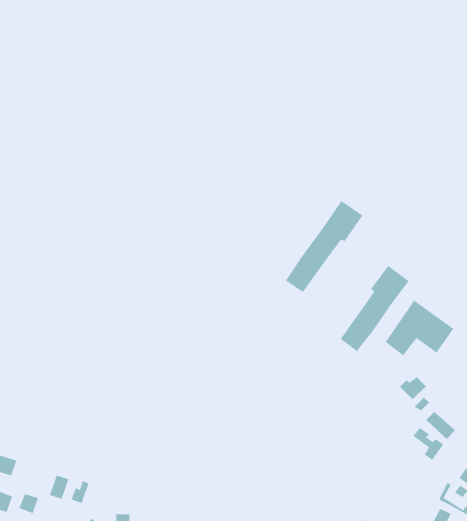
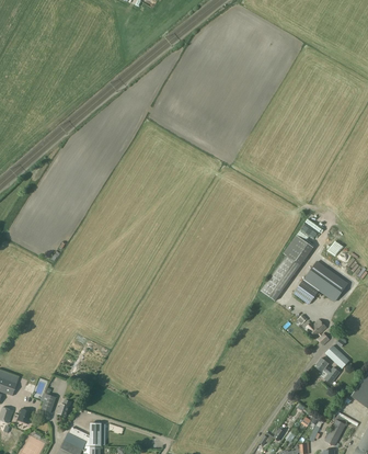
building: [285,200,363,293] -> none

